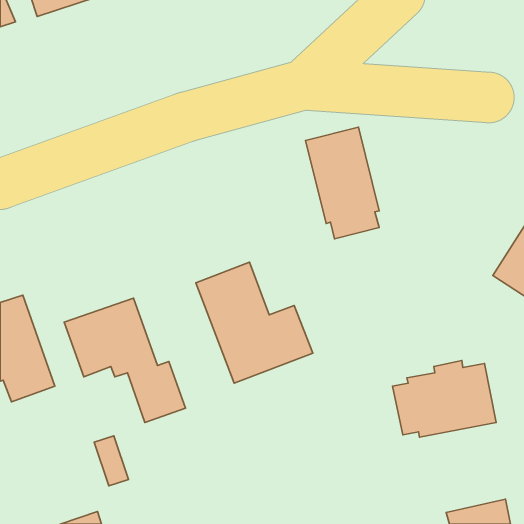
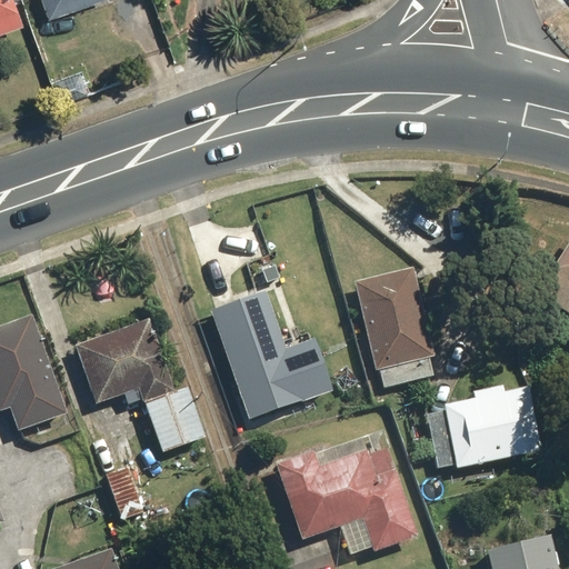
building: [306,127,379,239] -> [355,268,433,388]
building: none -> [276,430,418,556]

